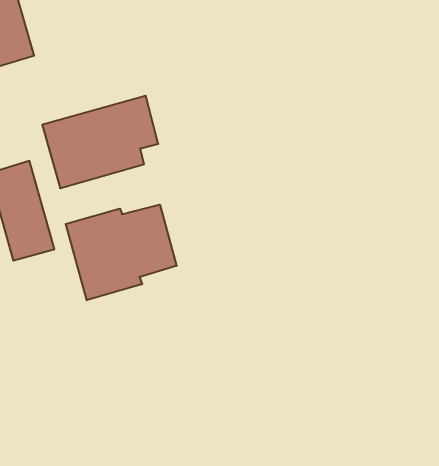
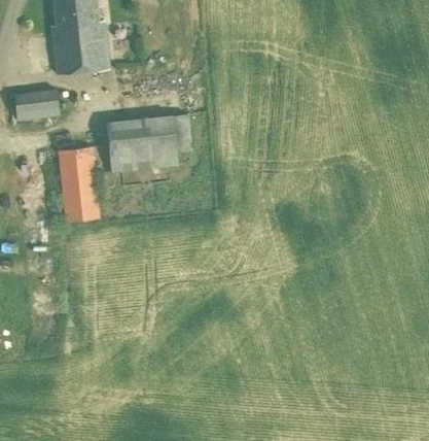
building: [66,205,177,300] -> none

